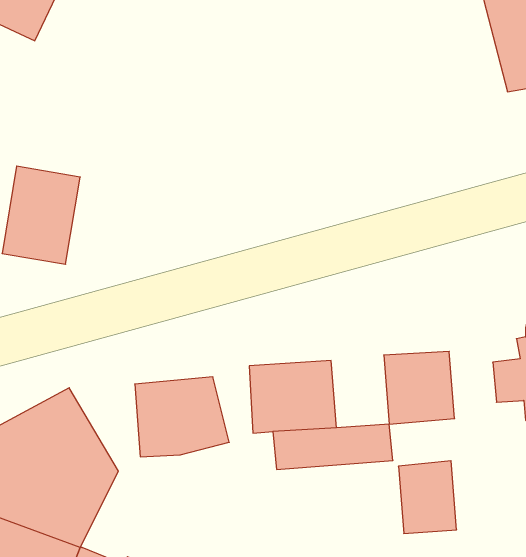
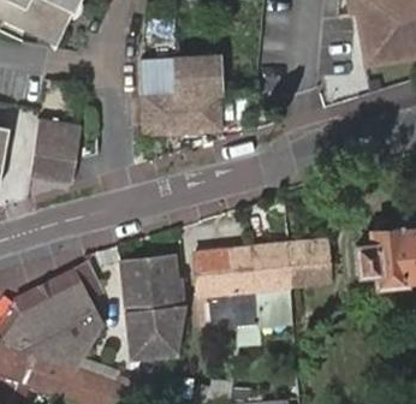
building: none -> [137,58,220,135]
building: none -> [125,301,184,364]
building: [398,461,457,533] -> [251,243,290,291]

